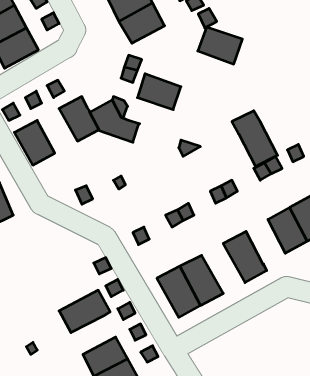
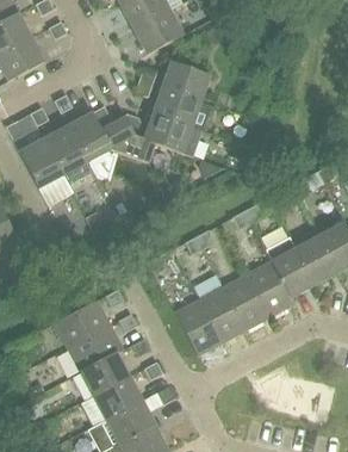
building: [198,27,242,64] -> [161,61,210,101]
building: none -> [143,113,200,156]
building: none -> [43,125,92,185]
building: [232,111,278,167] -> [265,235,315,297]
building: none -> [223,273,271,328]
building: none -> [54,299,110,347]
building: none -> [80,352,129,395]

